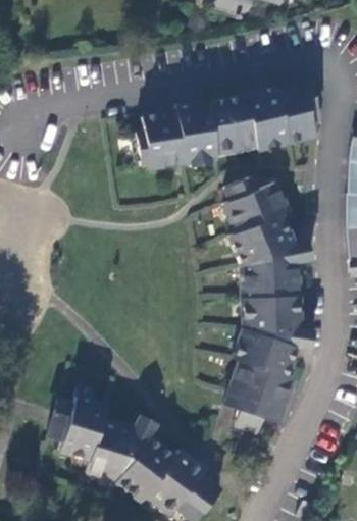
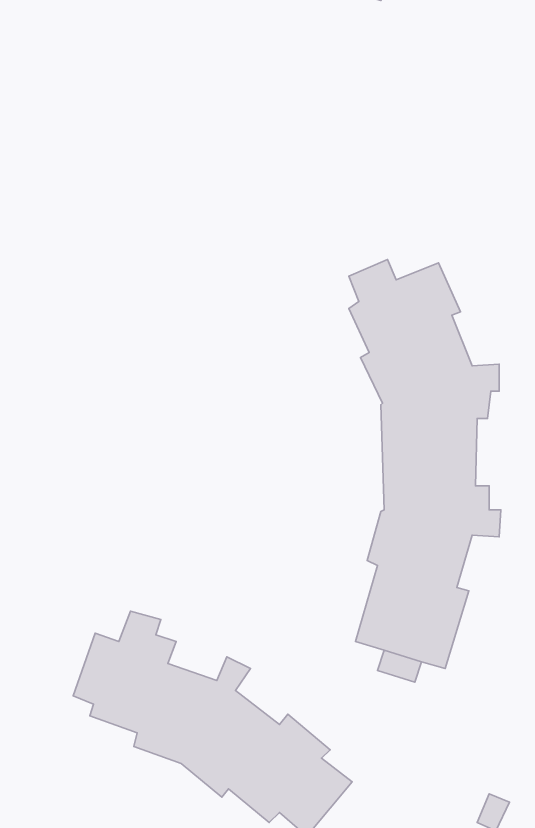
building: [129,85,314,173] -> none

